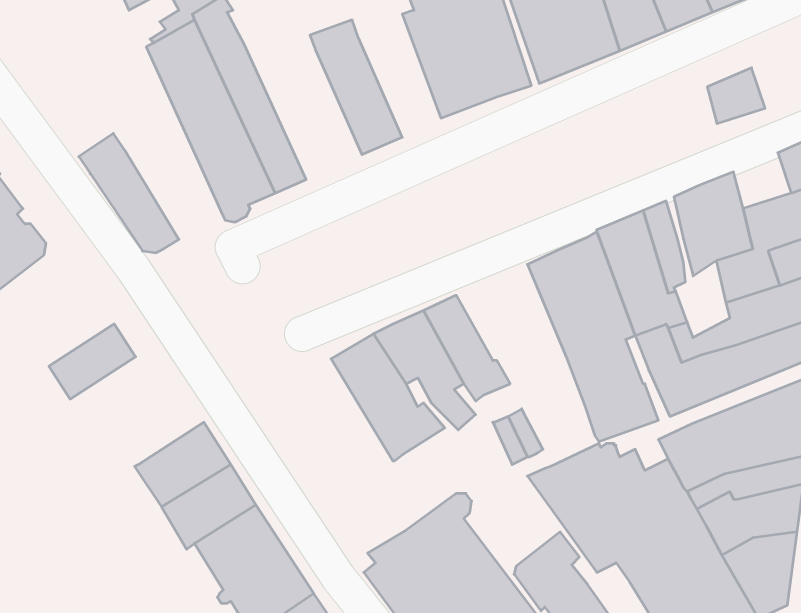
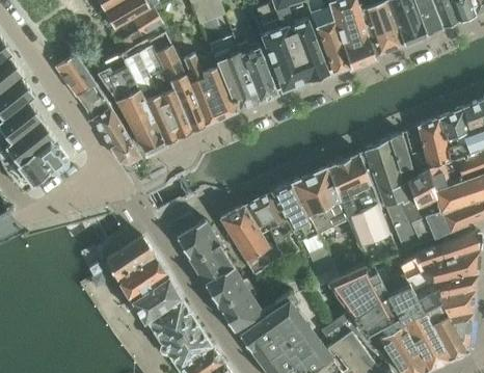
building: none -> [236,42,276,100]
building: none -> [174,47,238,123]
building: none -> [92,51,163,153]
building: none -> [55,54,104,110]
building: [707,68,765,124] -> [438,108,469,138]
building: none -> [406,155,436,208]
building: none -> [289,168,348,233]
building: [49,324,136,399] -> [106,236,153,276]
building: none -> [170,213,262,329]

